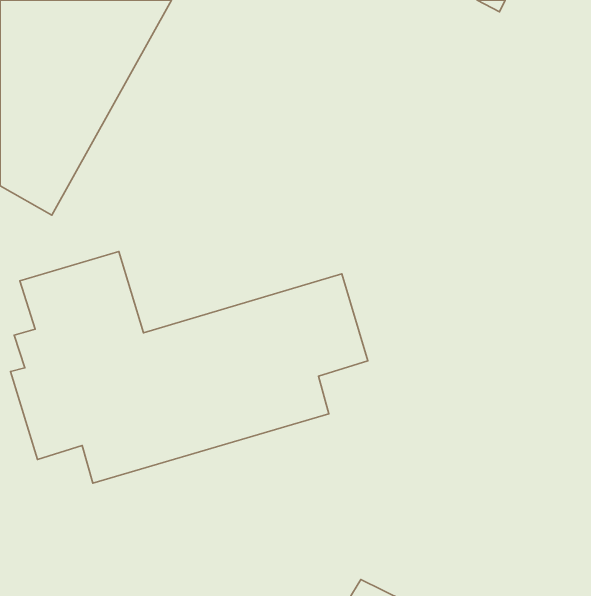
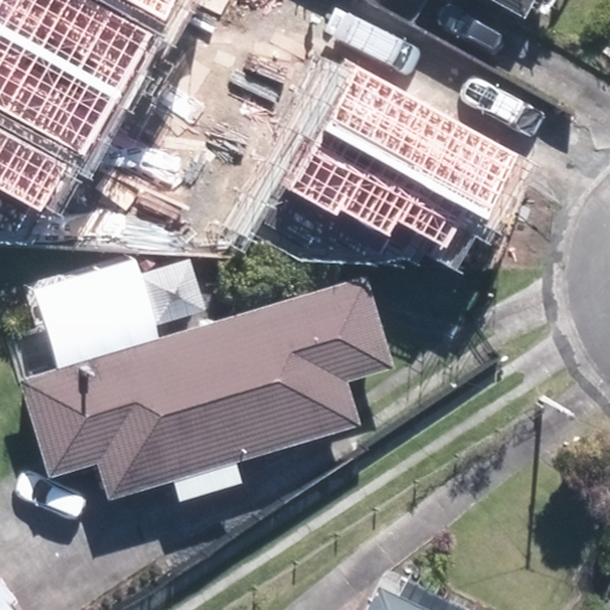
building: none -> [300,74,519,254]

